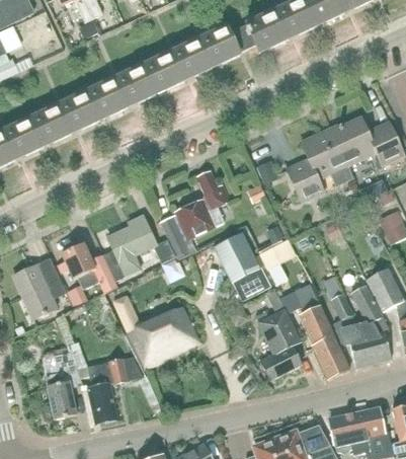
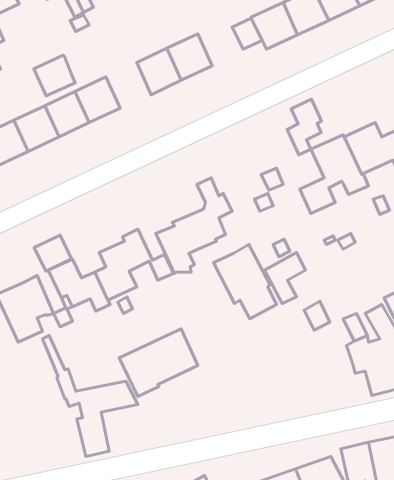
building: [197,24,240,67] -> none
building: none -> [34,55,75,96]
building: [113,64,155,105] -> none
building: none -> [287,99,322,155]
building: none -> [34,235,71,271]
building: [258,287,301,381] -> none
building: [298,304,348,379] -> none
building: [46,352,81,419] -> none

